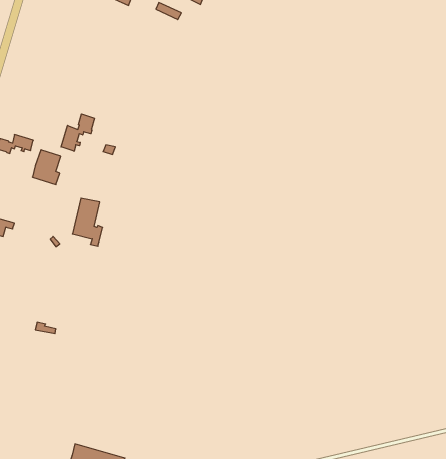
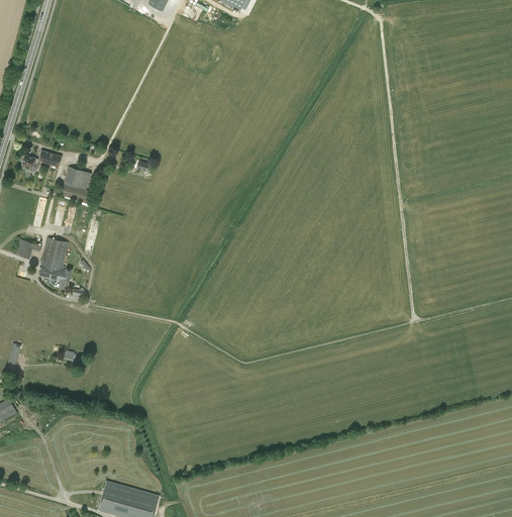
building: [61,114,95,151] -> none
building: [72,198,103,246] -> [38,237,71,289]

